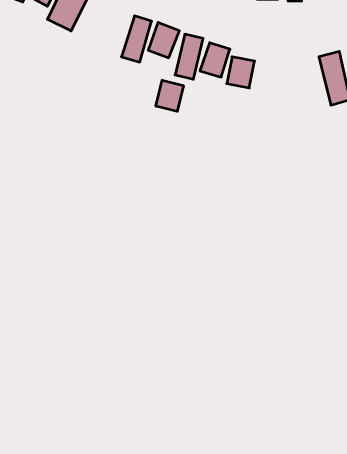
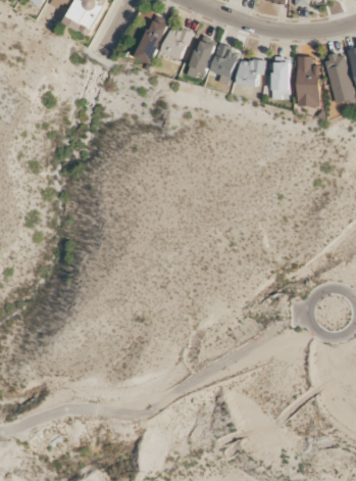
building: none -> [297,55,319,105]
building: none -> [272,61,290,98]
building: [156,80,183,111] -> none

